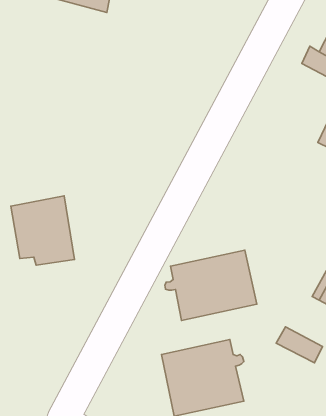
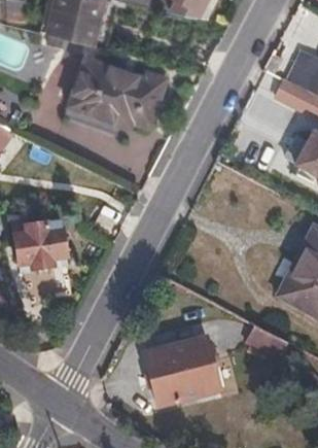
building: none -> [67,55,165,124]
building: [165,250,257,320] -> none

